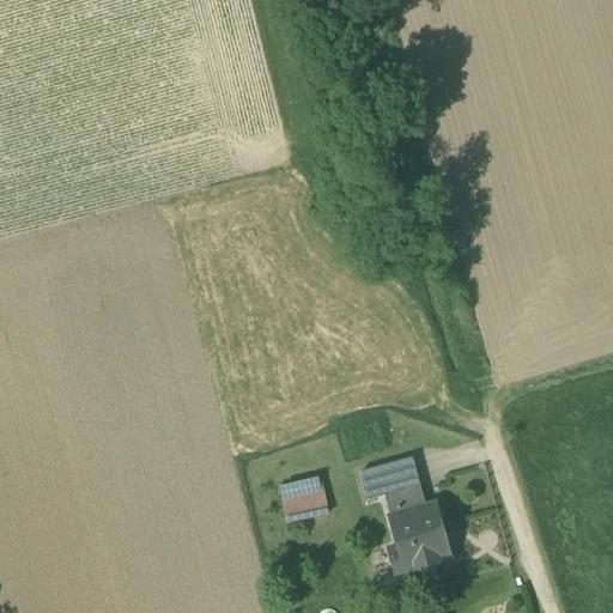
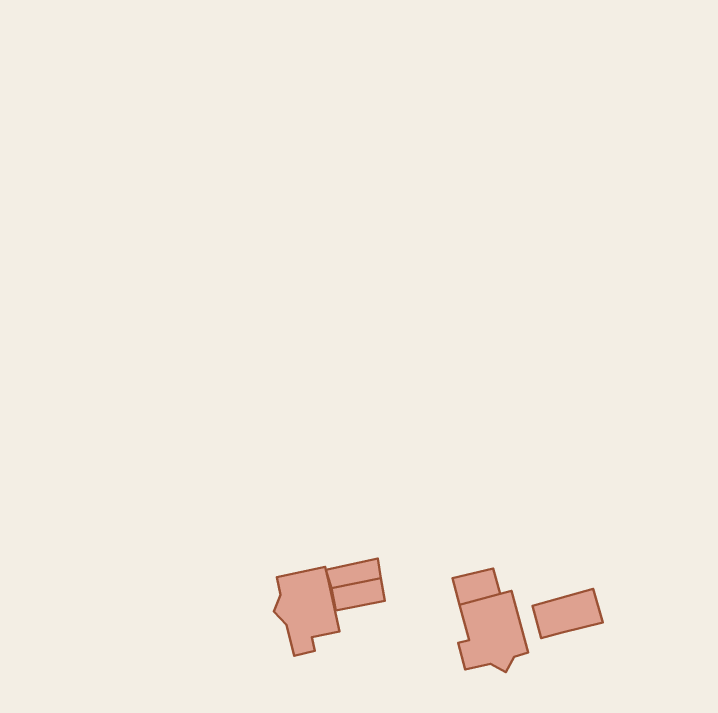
building: [360,456,420,498] -> [533,589,603,638]
building: none -> [274,567,339,656]

